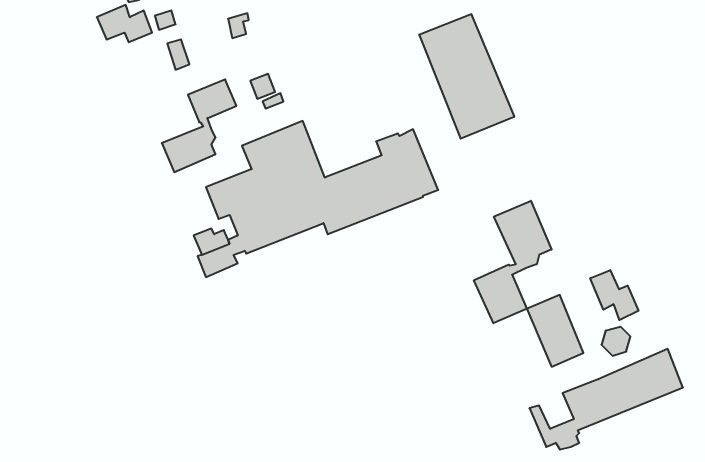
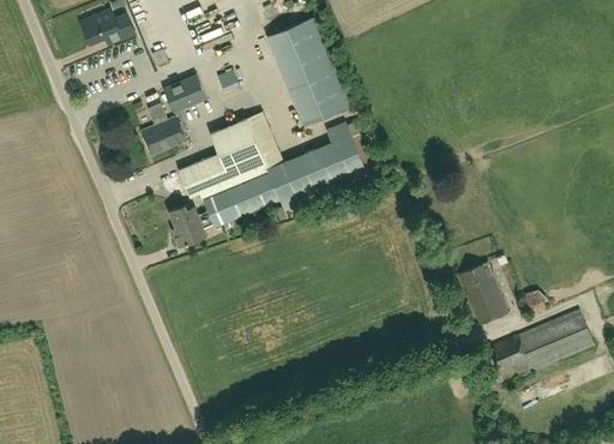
building: [419,14,514,139] -> [267,18,350,126]
building: [474,201,552,323] -> none
building: [590,270,638,320] -> none

